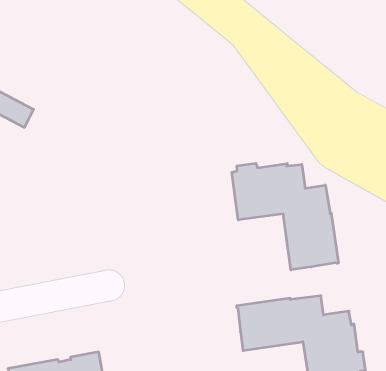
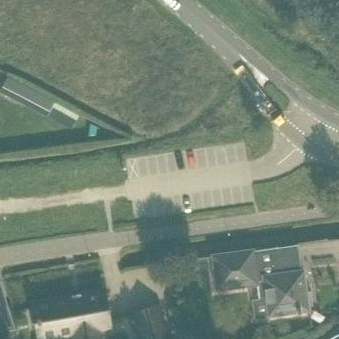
building: [232,163,338,270] -> none

